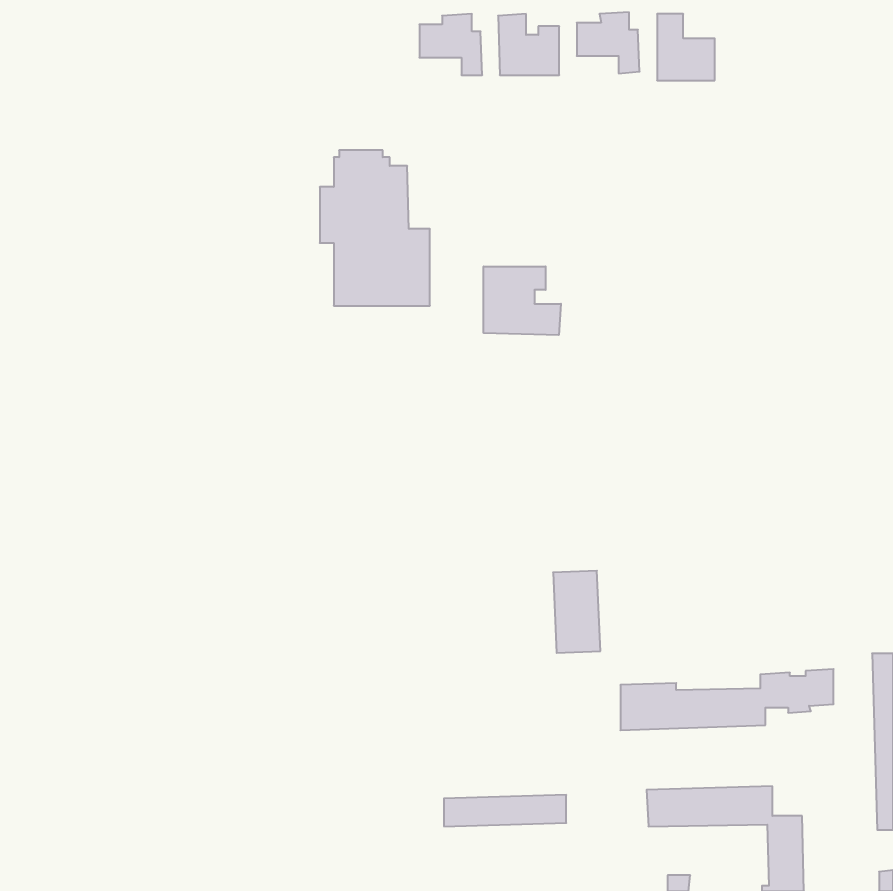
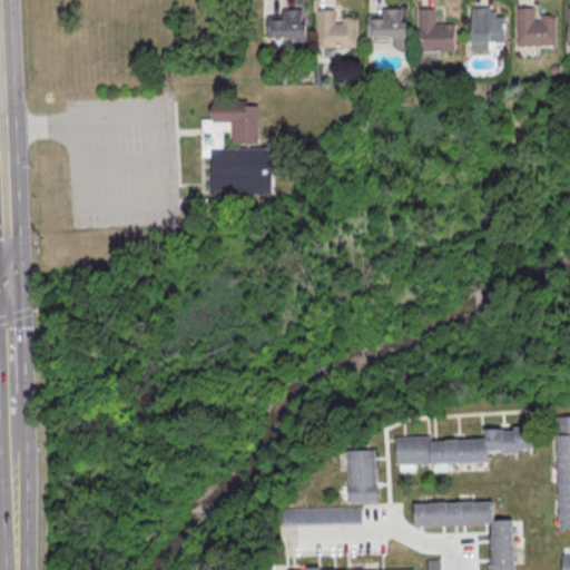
building: none -> [472,7,505,42]
building: none -> [517,7,556,46]
building: [484,266,561,335] -> none
building: [553,571,600,653] -> [346,450,376,502]

